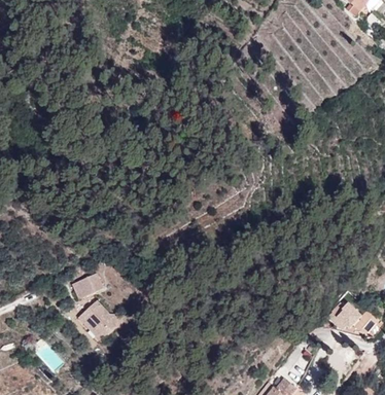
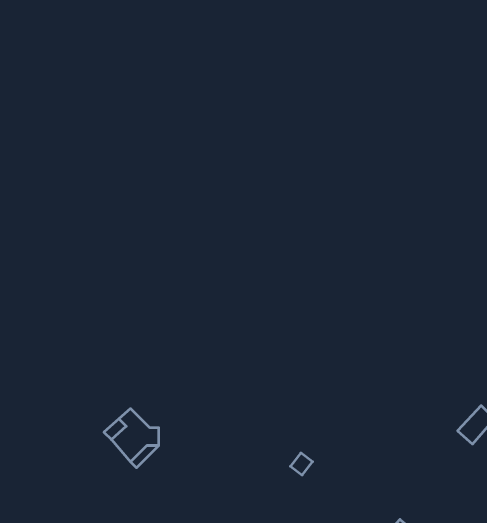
building: [73,274,105,299] -> none

